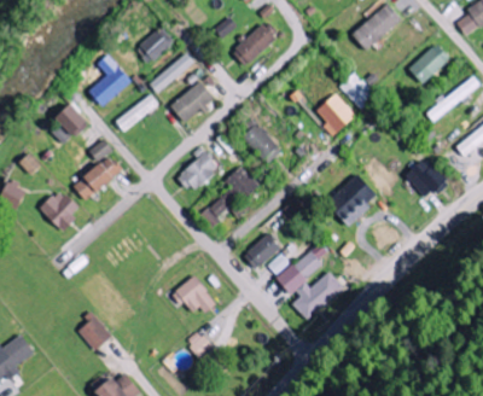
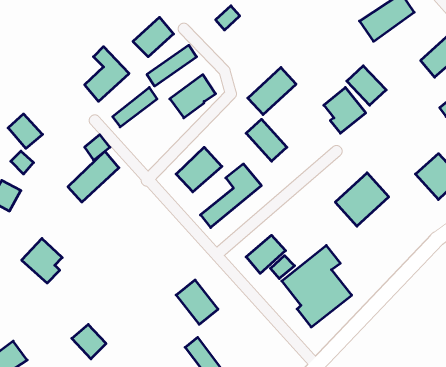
building: [231,22,277,66] -> [248,67,296,115]
building: [58,105,91,138] -> [8,114,43,148]
building: [40,188,78,231] -> [22,238,62,283]

